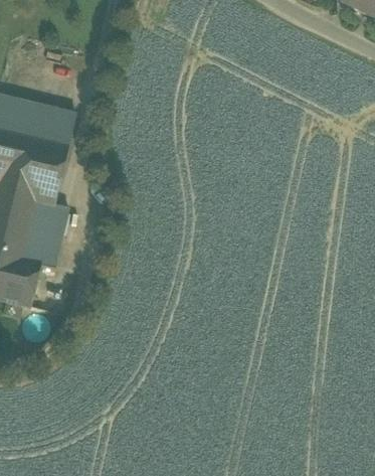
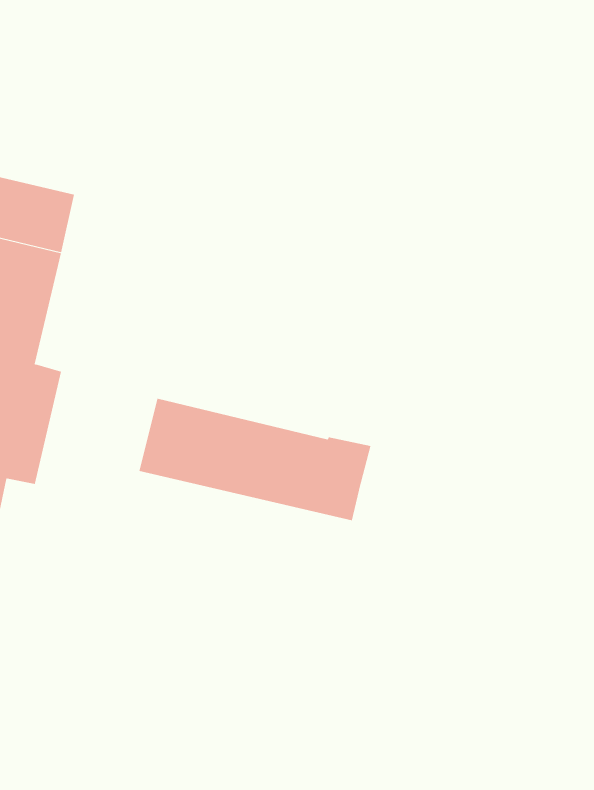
building: none -> [139,398,371,521]

